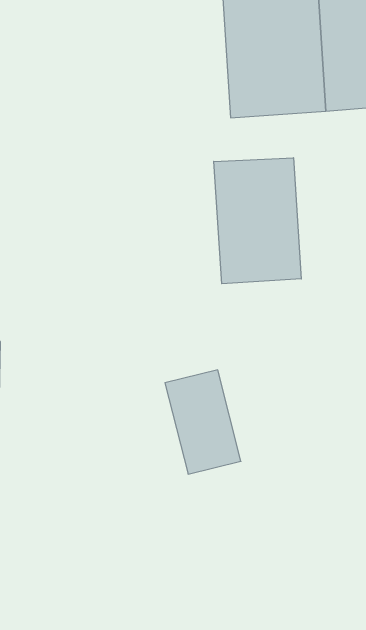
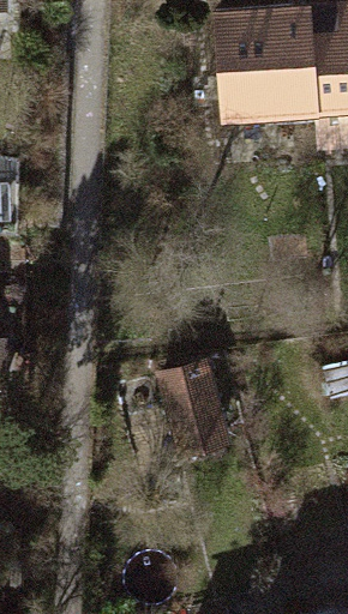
building: [214,158,301,284] -> none

